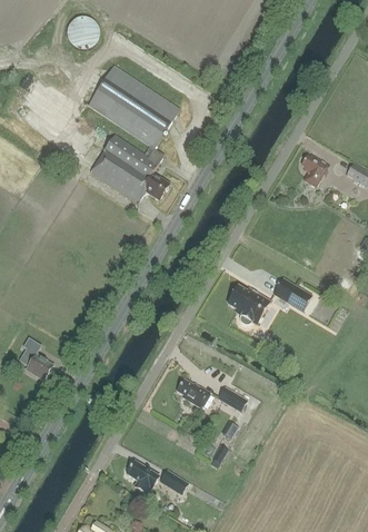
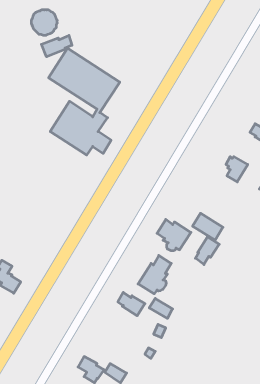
building: none -> [41,35,72,57]
building: [301,155,329,187] -> [226,157,248,182]
building: none -> [195,237,219,265]
building: none -> [138,255,171,294]

